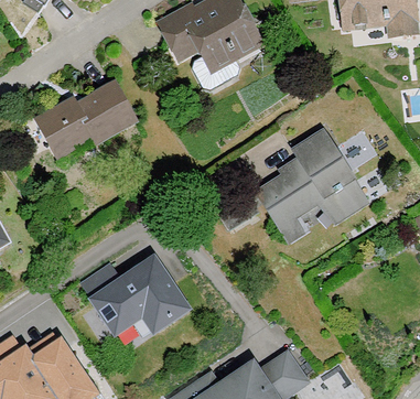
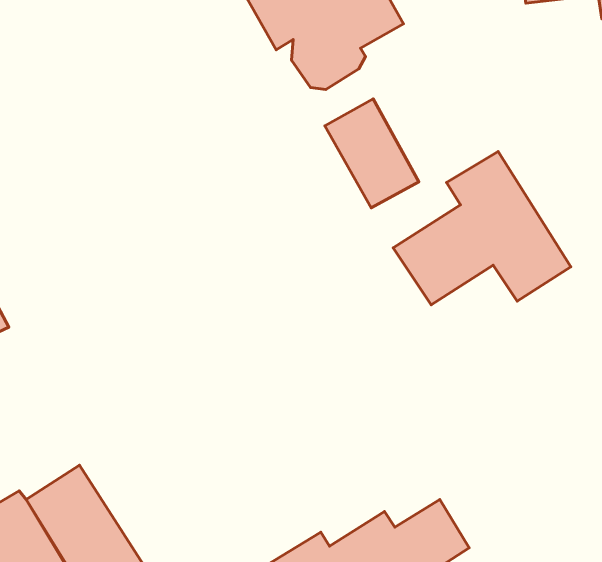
building: [32,79,137,160] -> none
building: none -> [325,99,419,208]
building: [79,251,187,333] -> none

